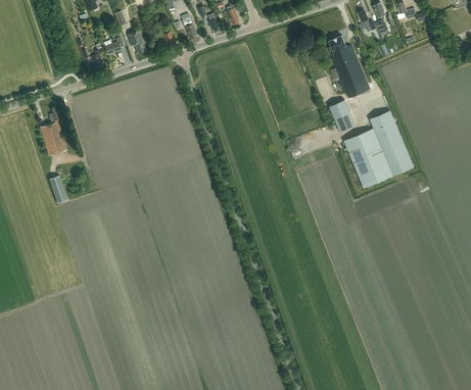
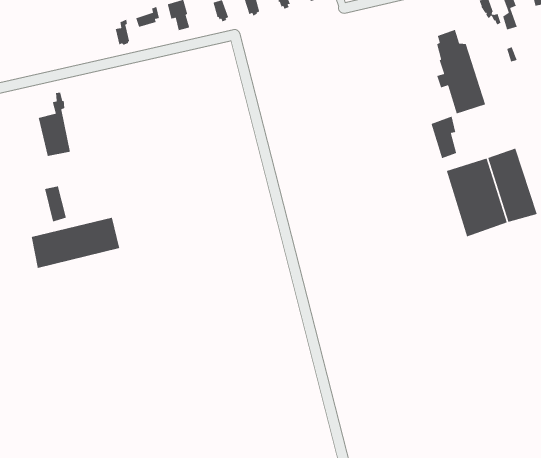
building: none -> [31,217,120,269]

